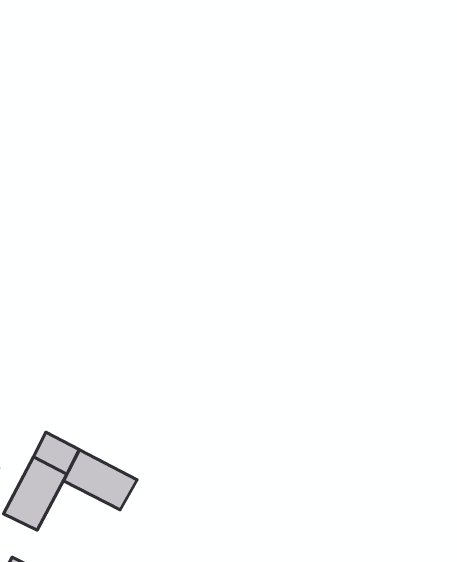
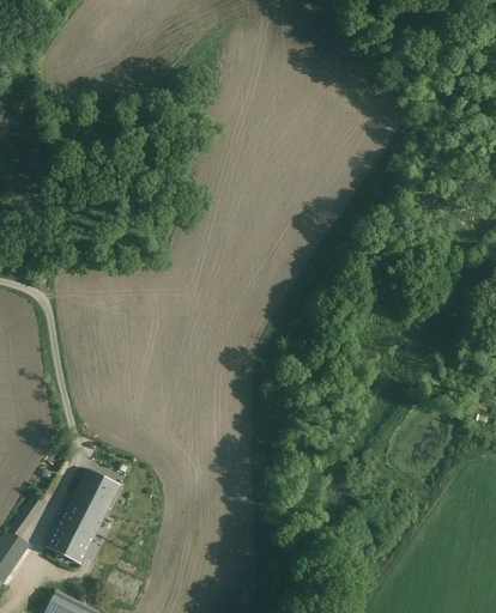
building: [63,450,137,510] -> none

